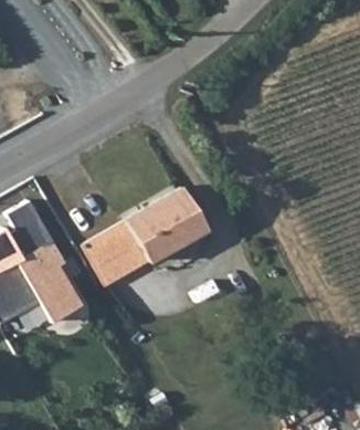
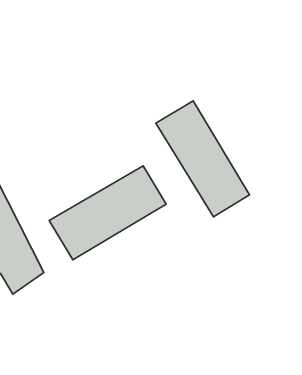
building: none -> [156,101,249,217]

